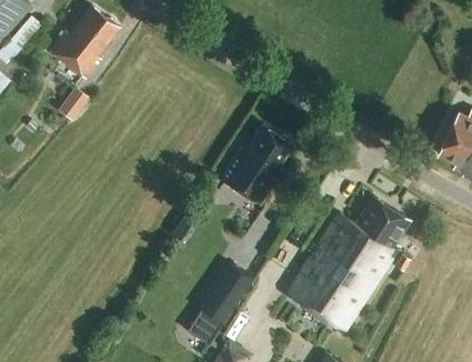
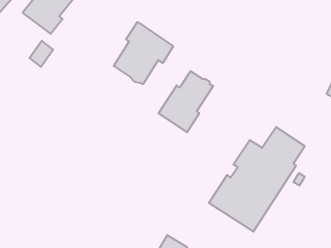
building: none -> [114,22,173,84]
building: [187,264,254,346] -> none

